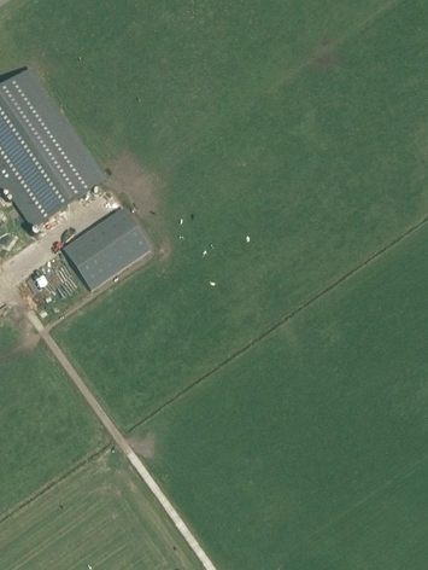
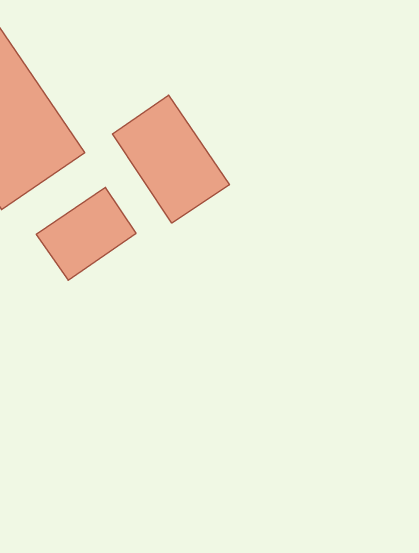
building: none -> [112,95,229,223]

